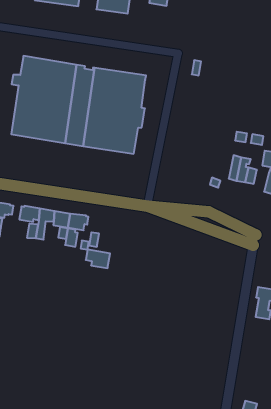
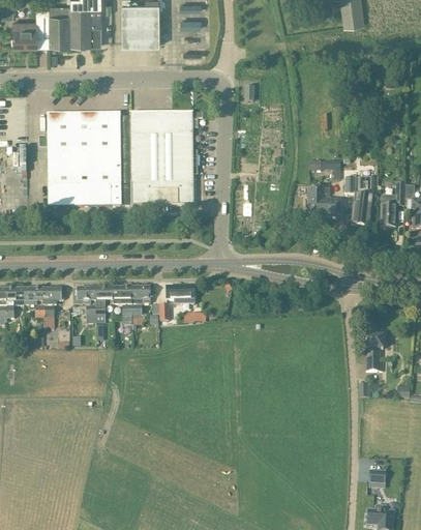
building: [86,250,110,268] -> [167,286,193,303]

